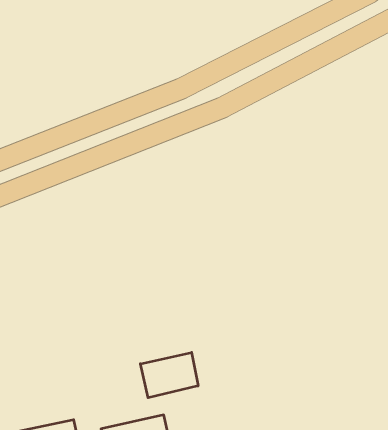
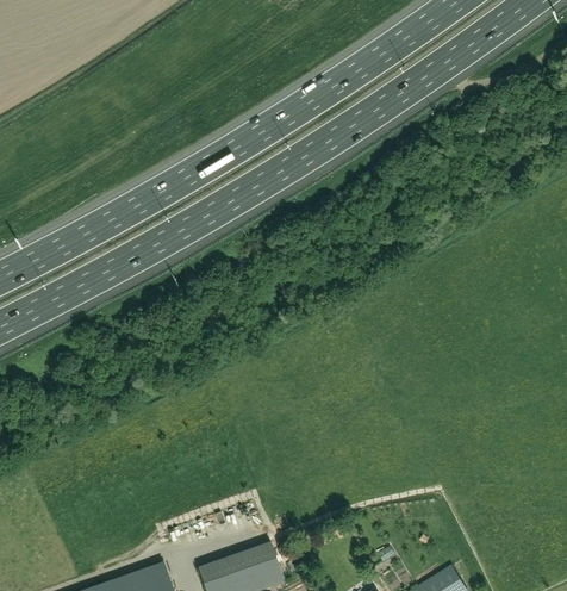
building: [140,352,198,398] -> none

